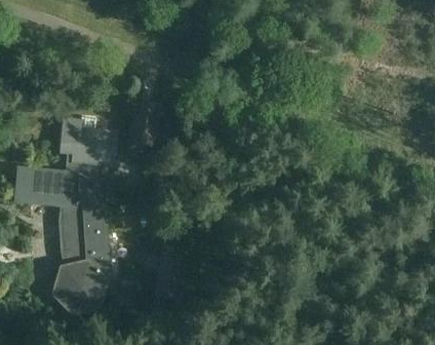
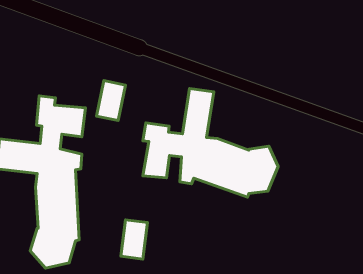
building: none -> [143,88,278,197]

